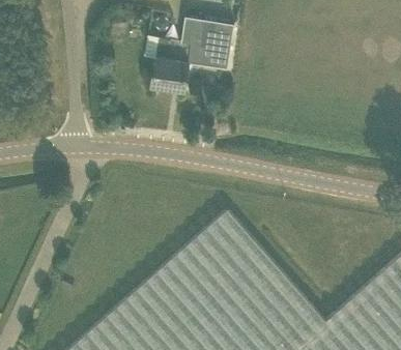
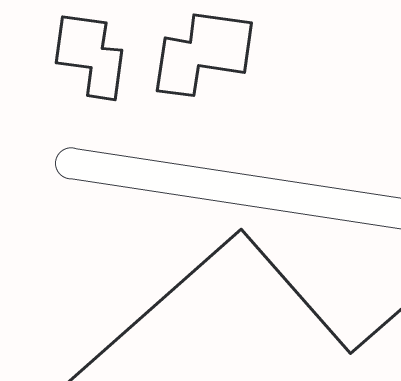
building: none -> [56,17,122,100]

